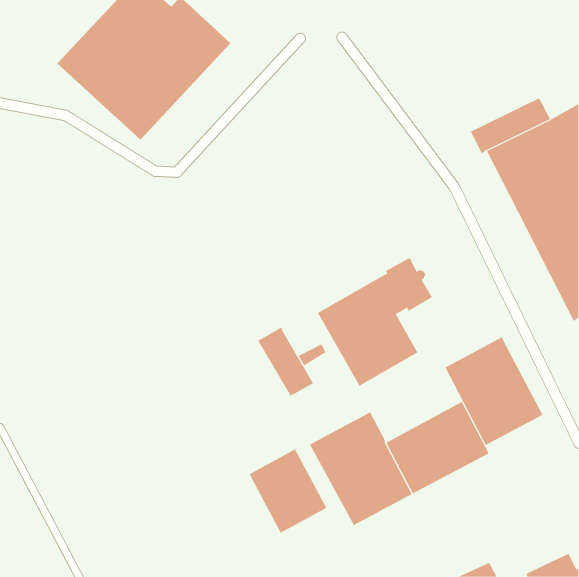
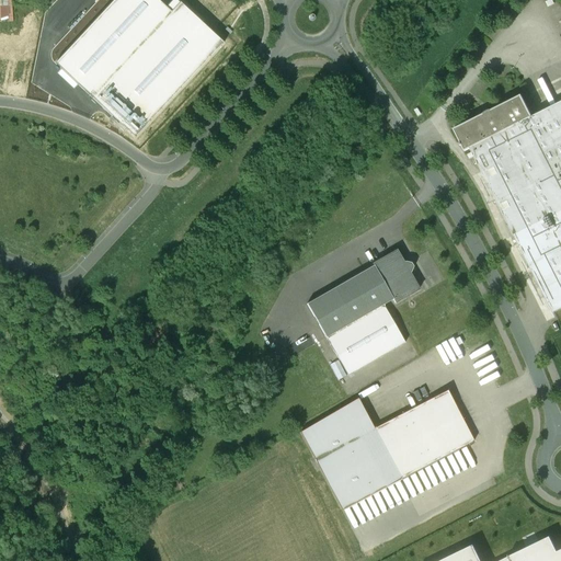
building: [258,327,314,396] -> none
building: [444,337,543,446] -> none
building: [248,449,327,534] -> none

